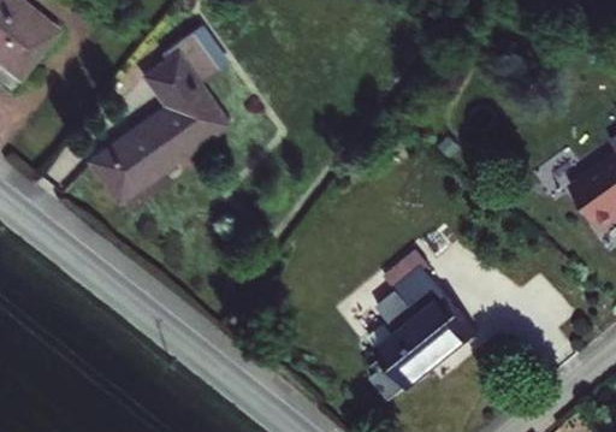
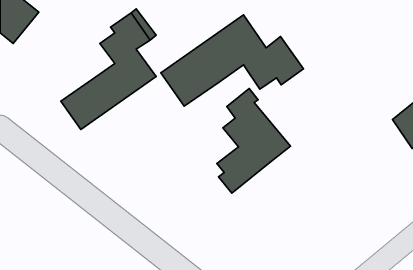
building: none -> [161,15,303,106]
building: [369,248,476,401] -> [217,88,290,193]

